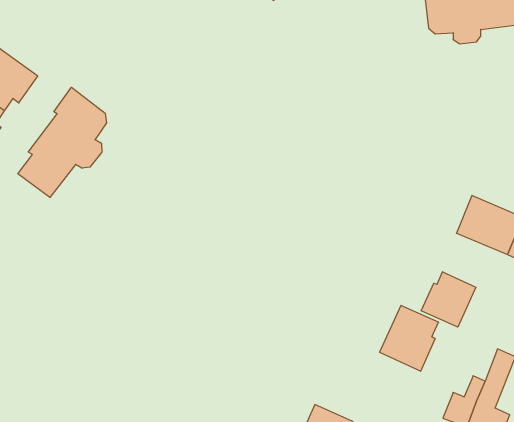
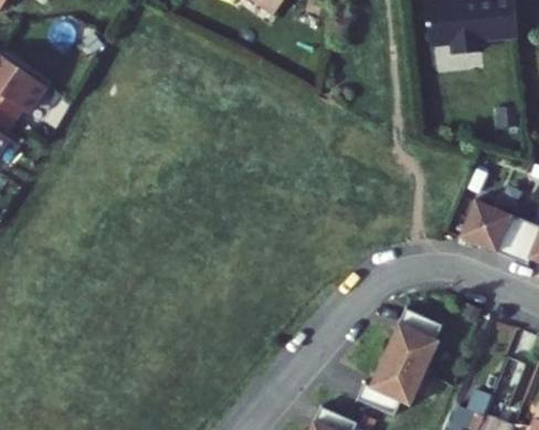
building: [18,87,106,197] -> none
building: [421,272,476,327] -> none
building: none -> [358,357,425,418]

